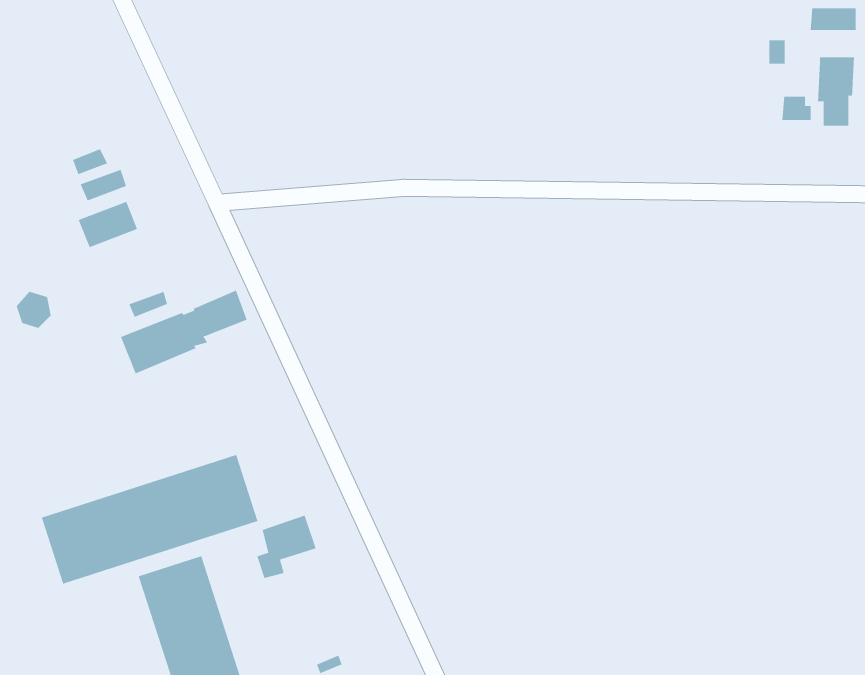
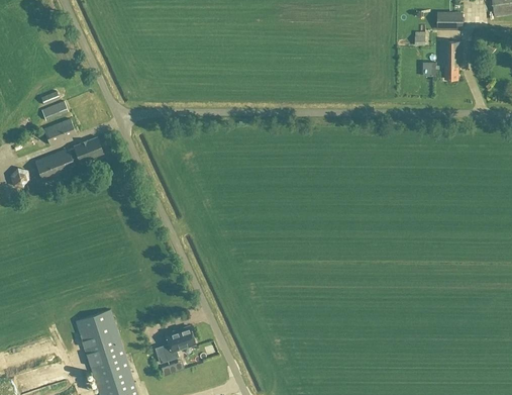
building: [120,290,248,374] -> [34,136,103,182]
building: [41,454,258,584] -> none
building: [256,515,316,579] -> [163,326,195,361]

